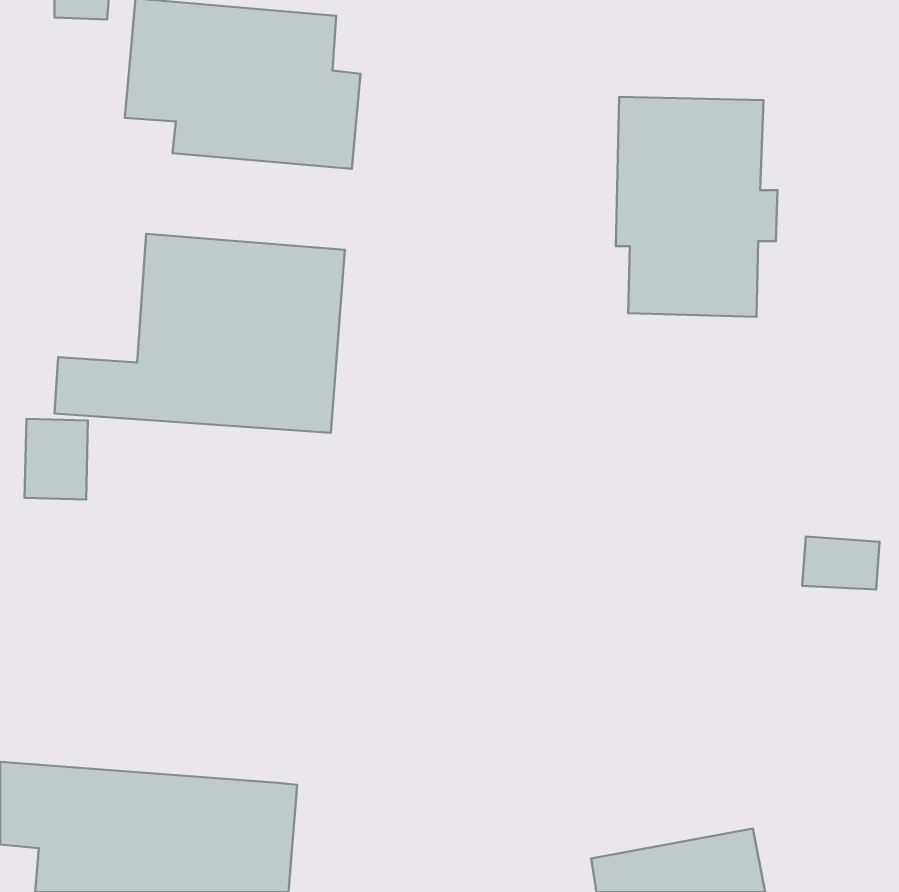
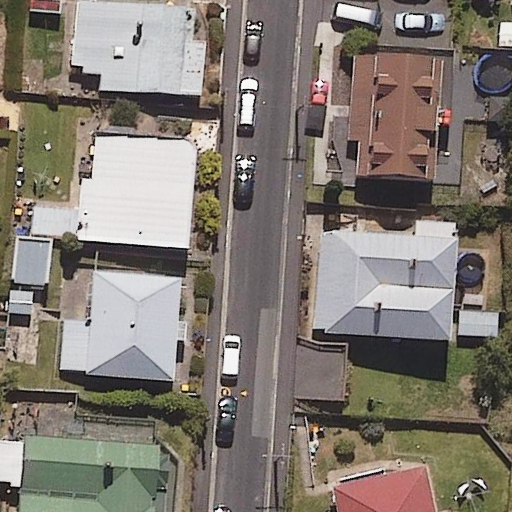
building: none -> [313,209,458,341]
building: none -> [61,268,182,378]

